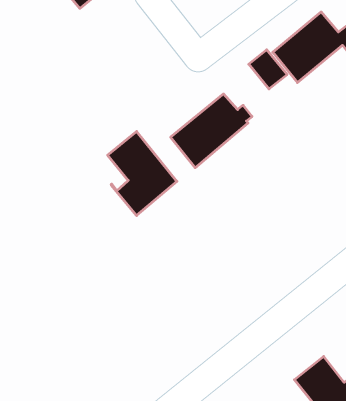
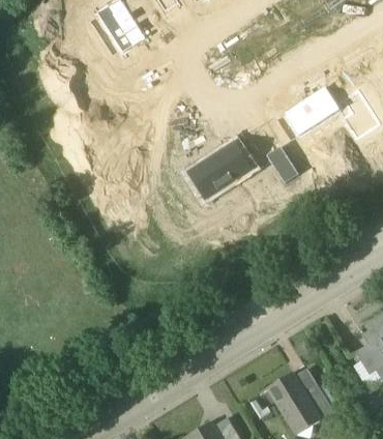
building: [249,50,287,89] -> [265,147,296,180]
building: [108,131,177,216] -> none

